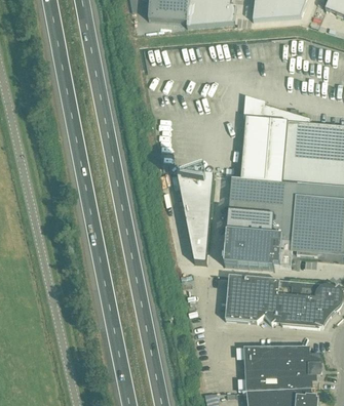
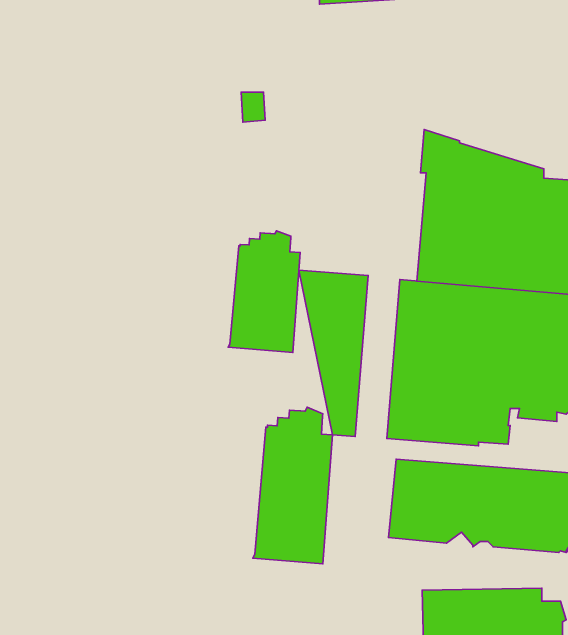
building: none -> [228,231,300,352]
building: none -> [253,407,333,564]

